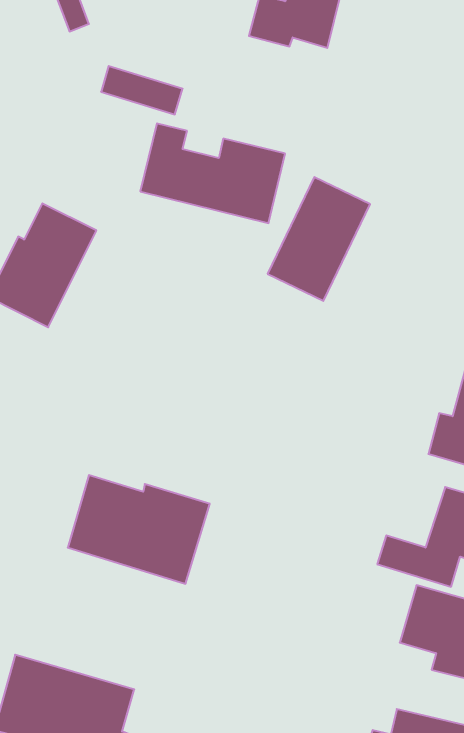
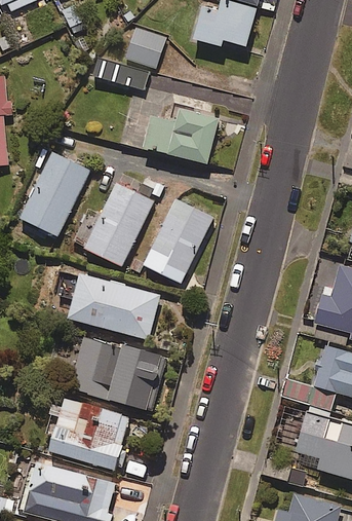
building: none -> [125,29,165,68]
building: [268,177,370,301] -> [144,198,213,283]
building: none -> [84,182,154,265]
building: none -> [61,271,161,339]
building: none -> [49,396,132,470]

